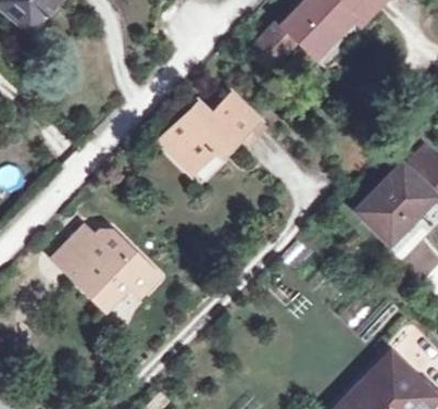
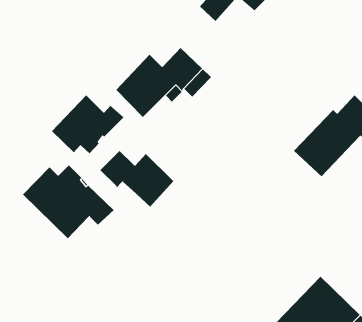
building: none -> [51,95,124,154]
building: none -> [100,150,174,208]

